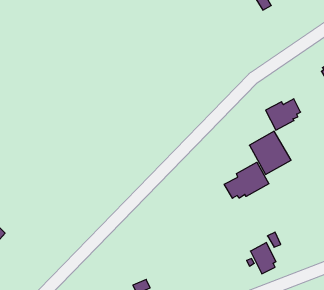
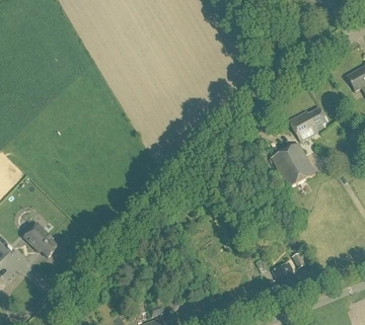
building: [224,162,269,198] -> none
building: none -> [22,222,57,255]

